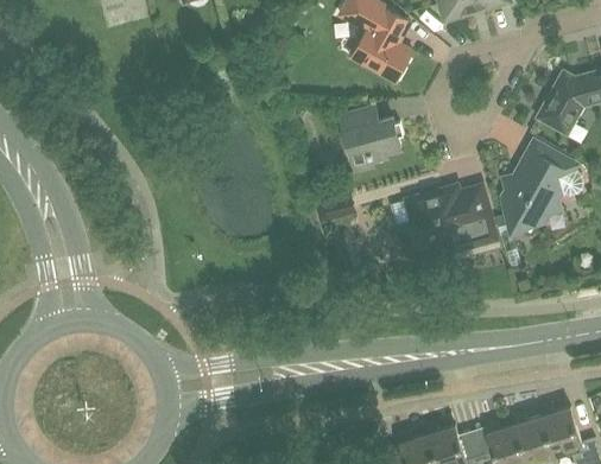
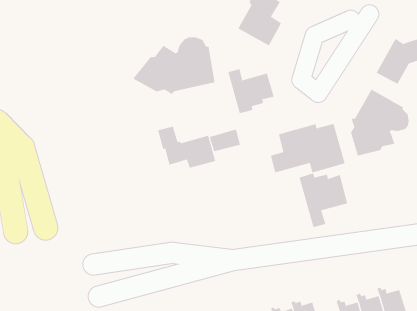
building: none -> [132,36,215,95]
building: none -> [157,126,216,168]
building: none -> [299,173,348,228]

